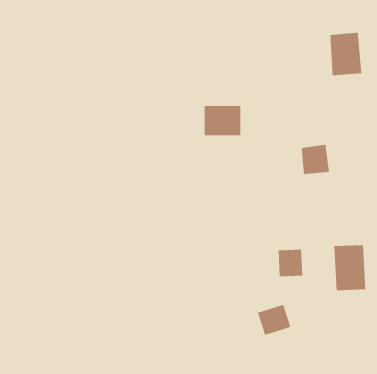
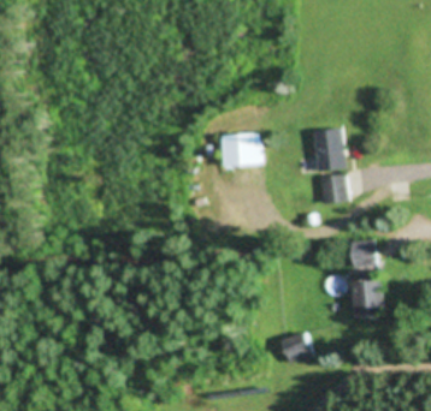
building: [329,32,362,76] -> [314,130,347,173]
building: [278,249,303,277] -> [352,240,377,268]

